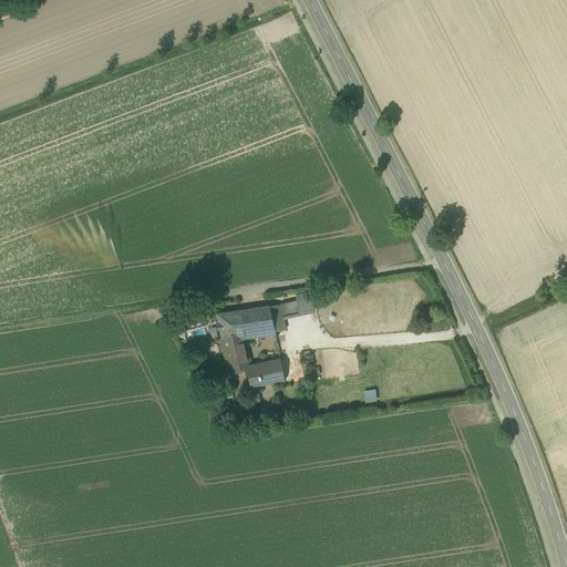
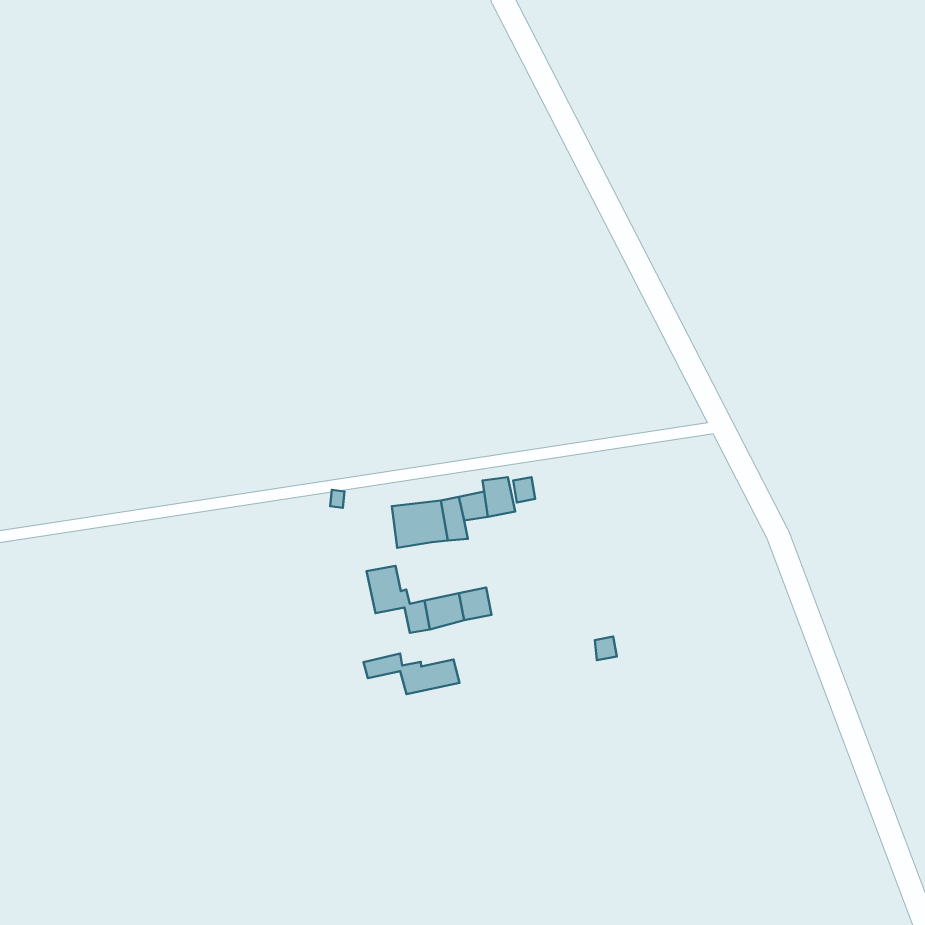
building: [216,309,243,349] -> none
building: none -> [364,654,460,694]

